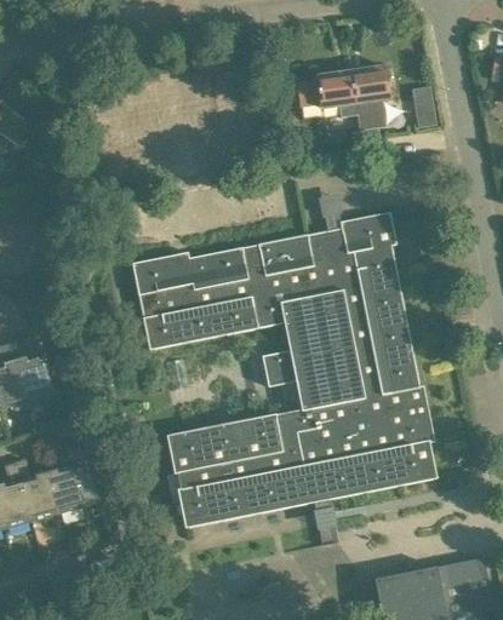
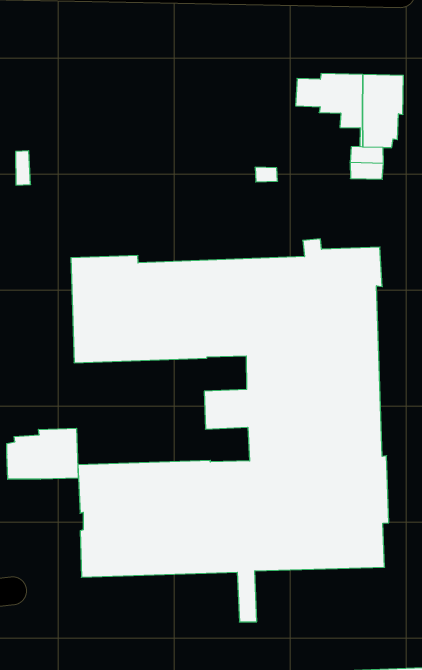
building: none -> [7,428,78,479]

